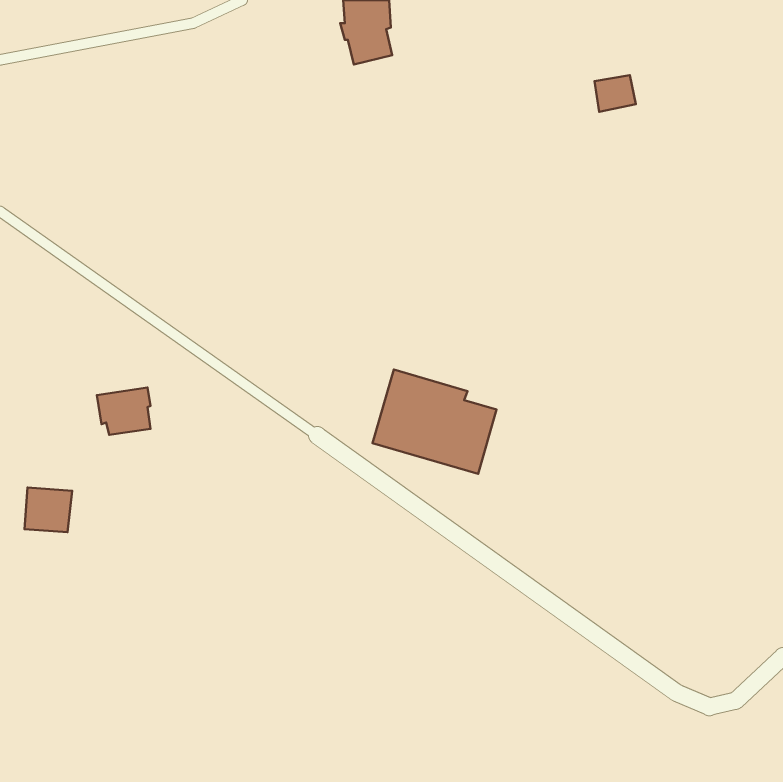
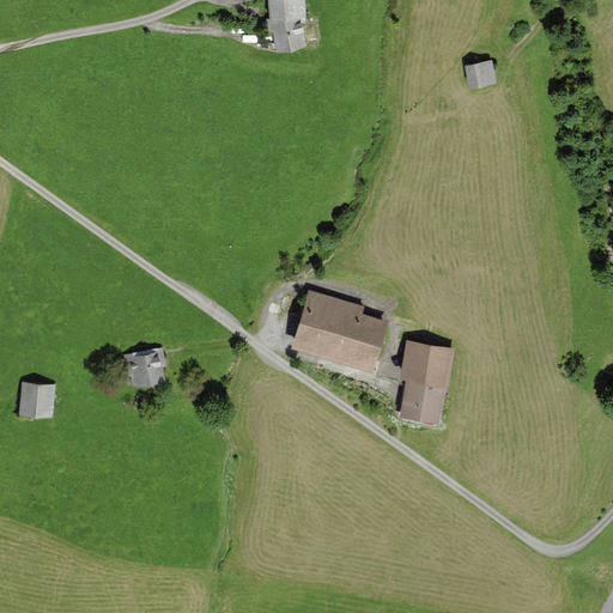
building: [97,387,150,435] -> [123,348,165,386]
building: none -> [400,340,455,423]

